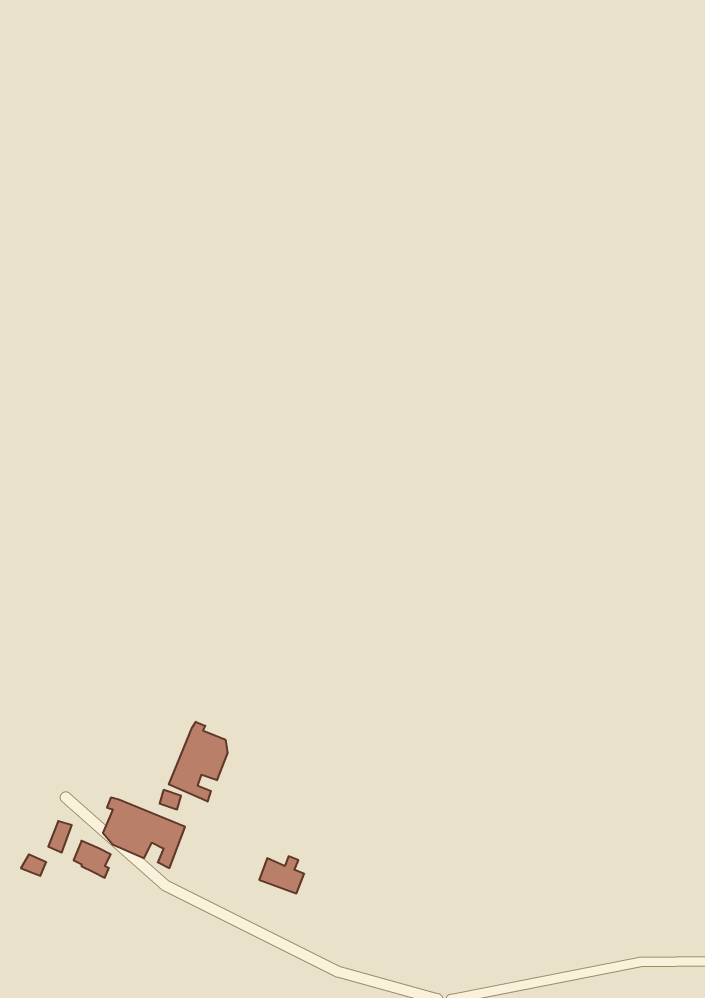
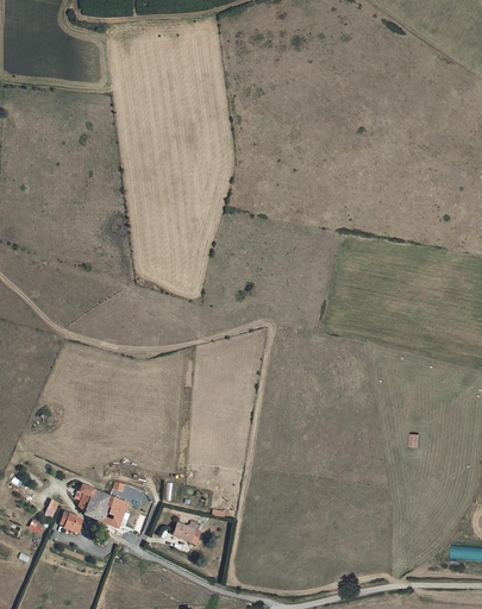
building: [169,722,227,802] -> none

